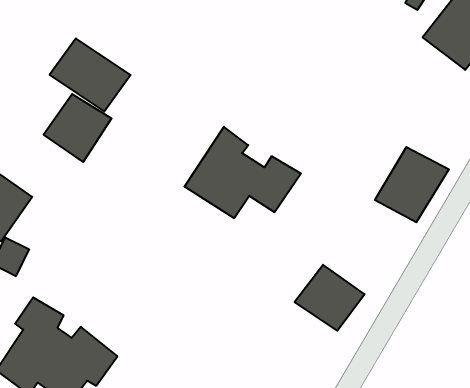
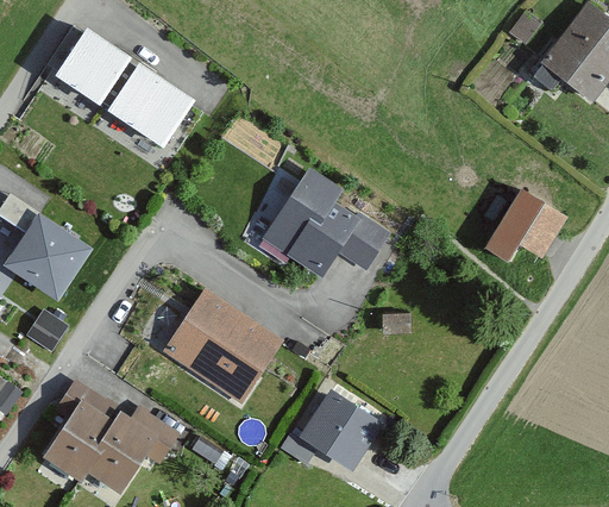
building: [44,94,112,162] -> [49,25,128,105]
building: none -> [162,290,284,409]
building: [295,265,365,331] -> [297,389,379,467]

